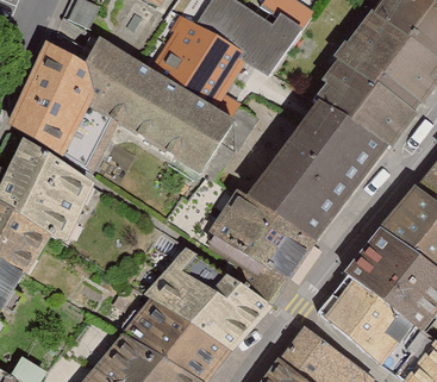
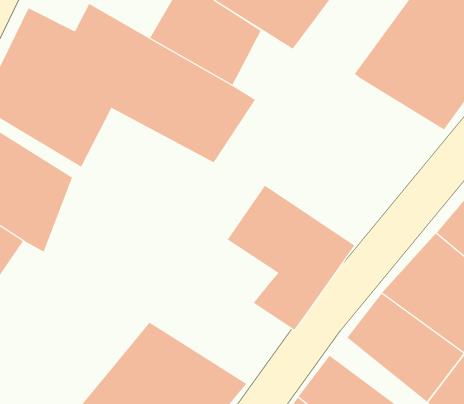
building: [254,96,393,234] -> none
building: [151,251,271,349] -> none

